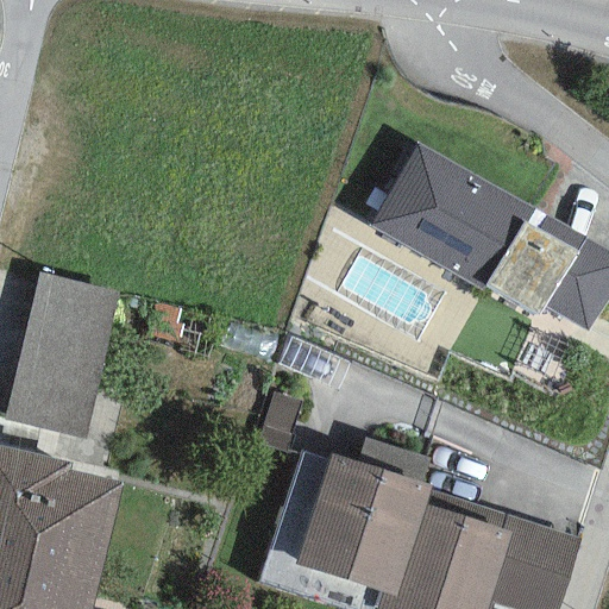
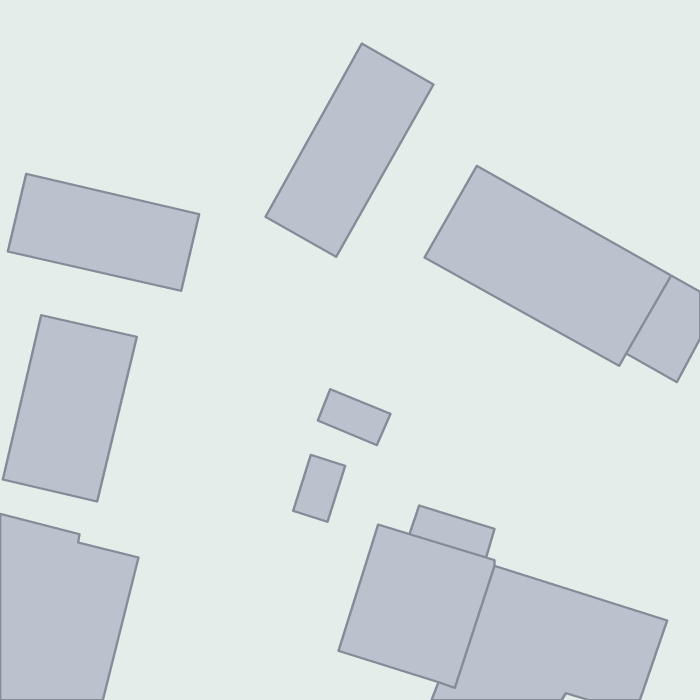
building: none -> [266,44,433,257]
building: none -> [8,174,199,291]

